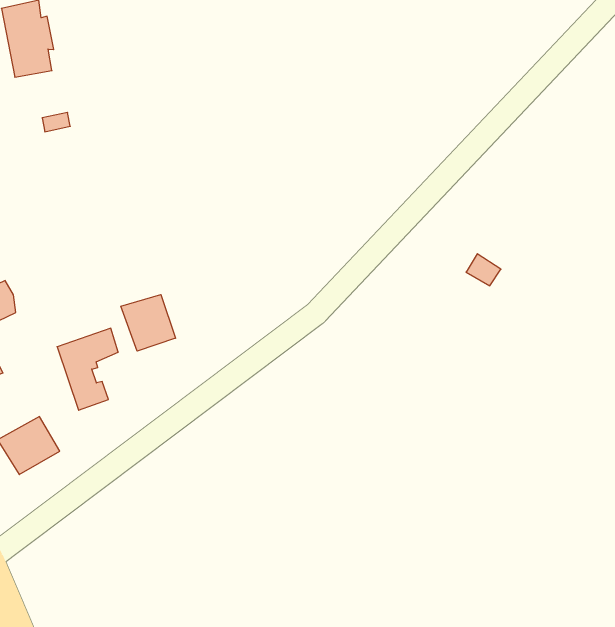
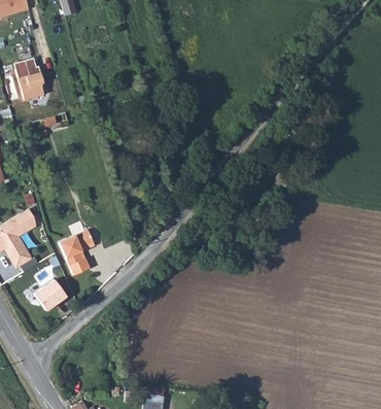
building: [121,295,176,351] -> none

